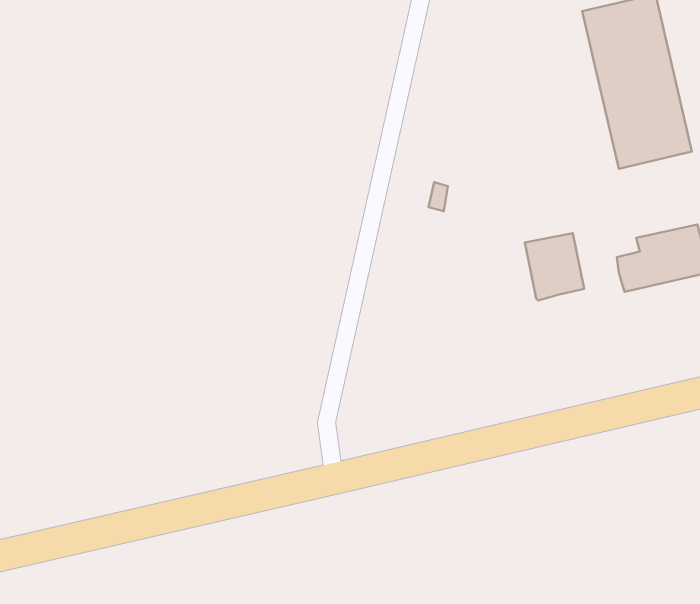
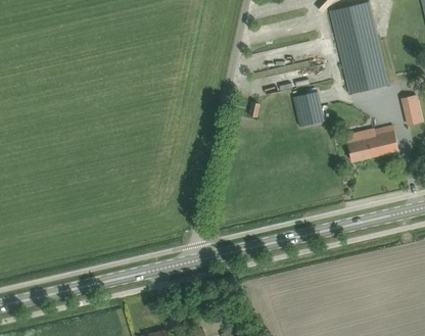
building: [525,233,584,300] -> [292,92,324,128]

